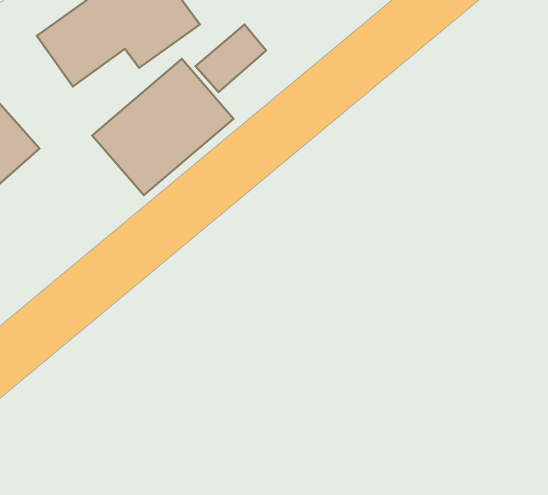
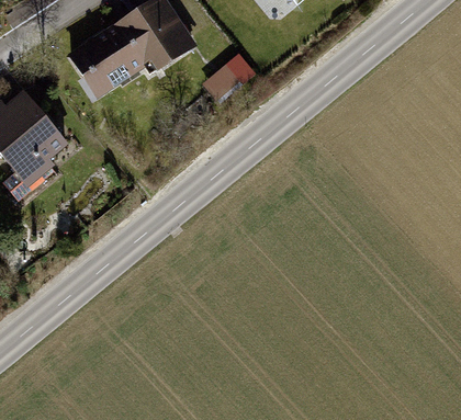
building: [92,59,234,195] -> none

